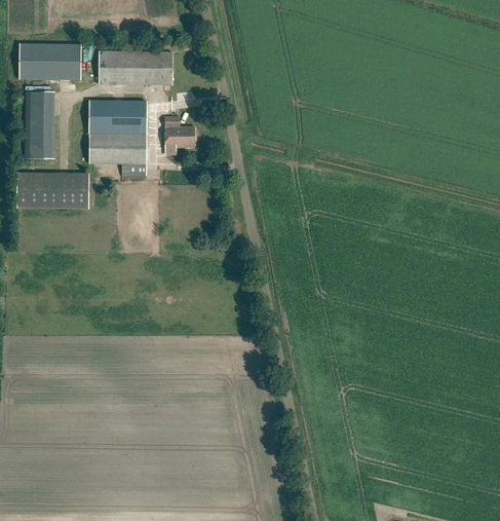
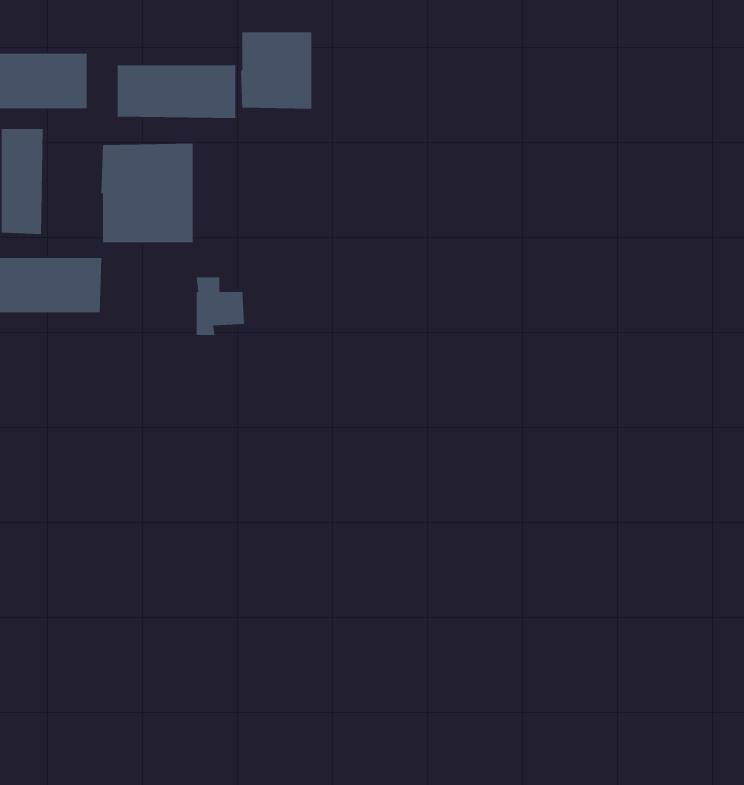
building: none -> [240,32,312,110]
building: [164,117,195,154] -> [196,277,245,336]

